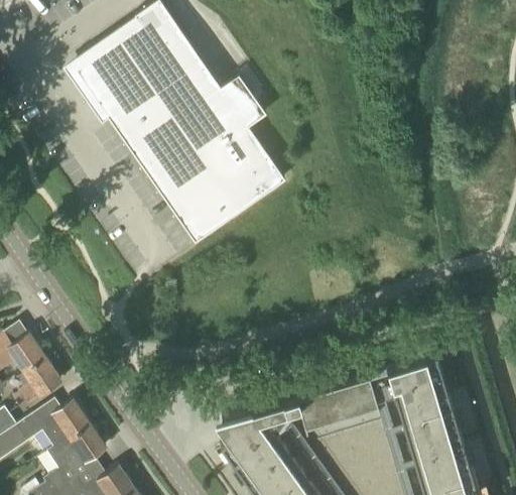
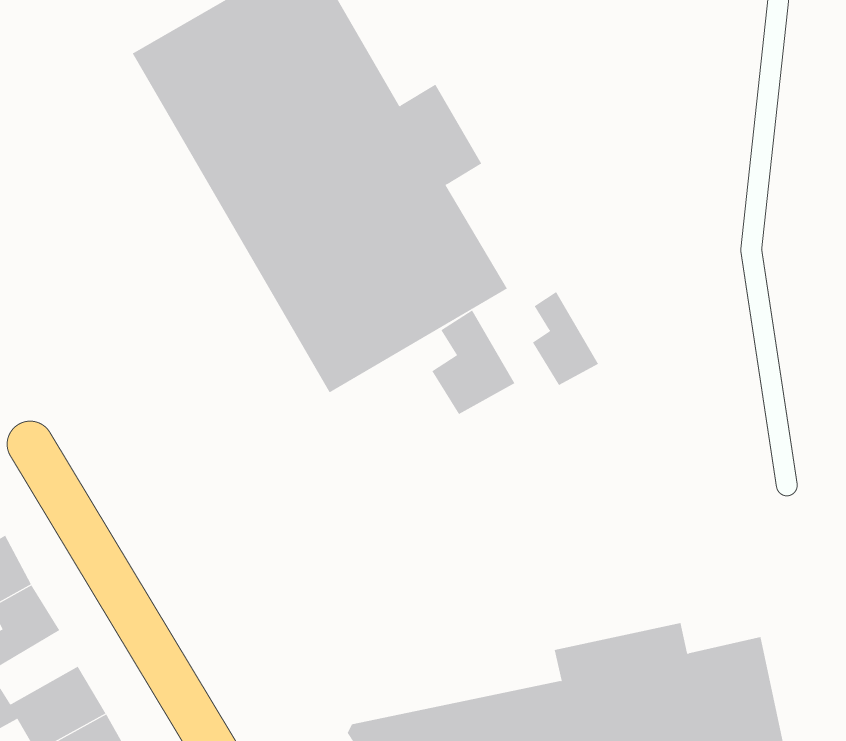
building: none -> [532,291,599,386]
building: none -> [431,309,515,415]

